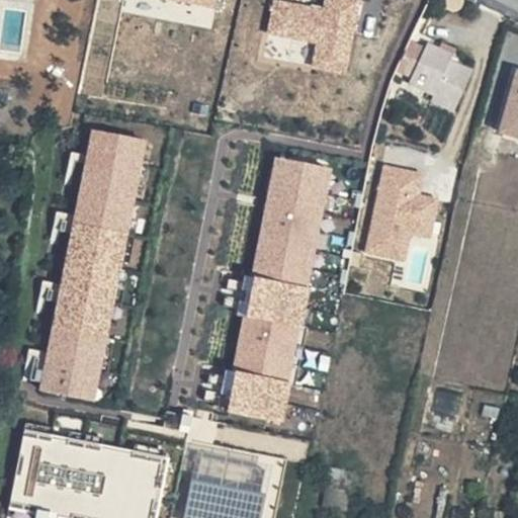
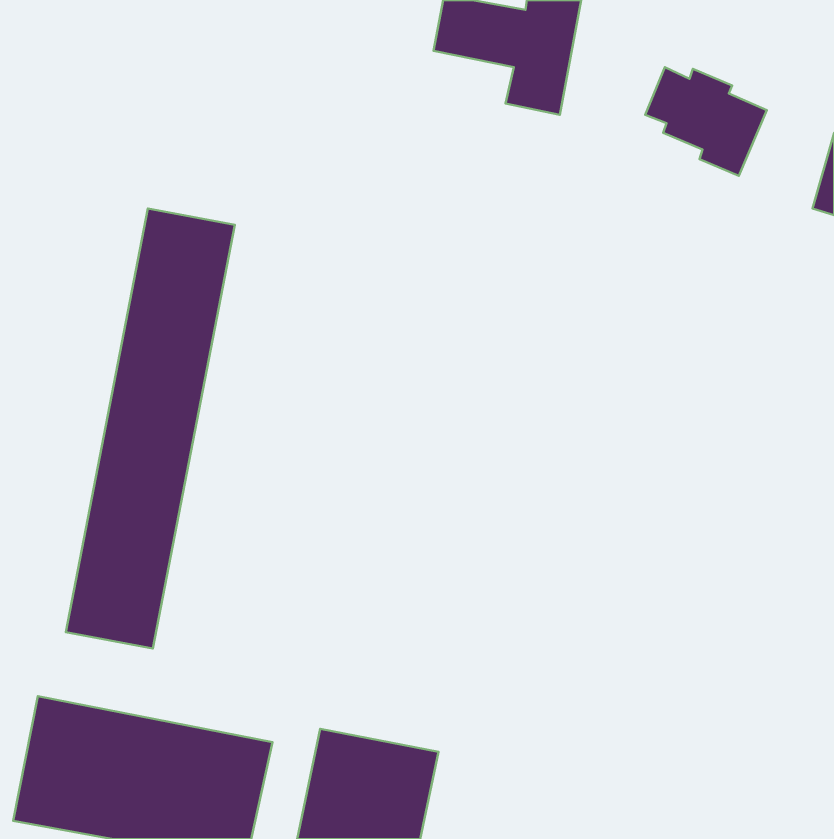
building: [227,157,331,420] -> none
building: [364,164,438,260] -> none

